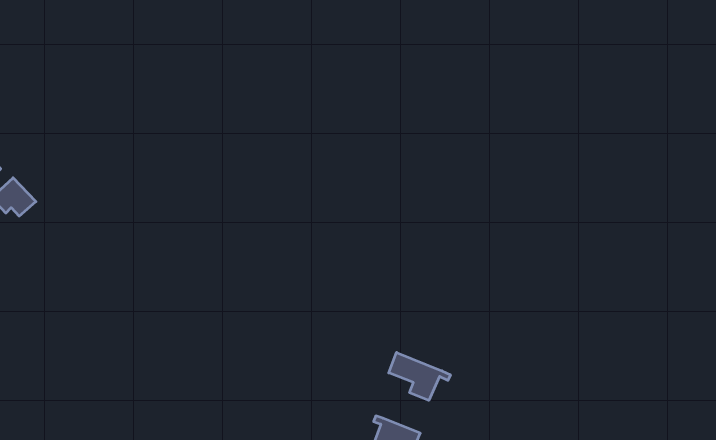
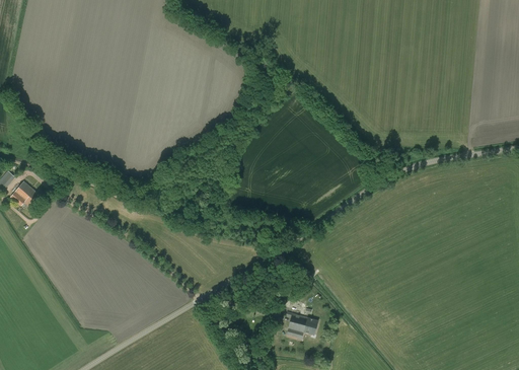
building: [389,352,450,400] -> none

